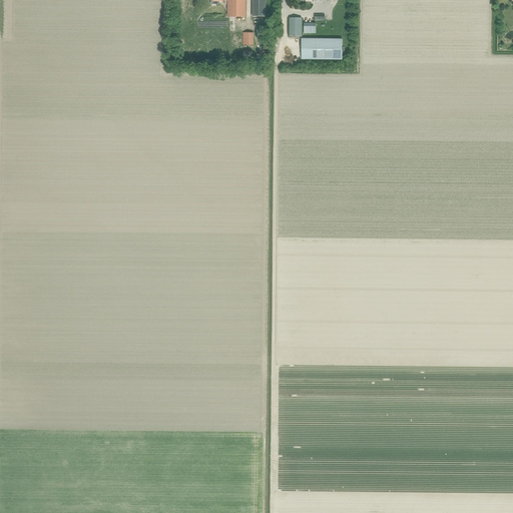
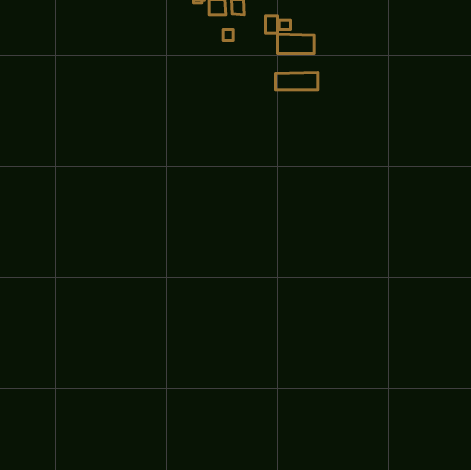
building: none -> [275,73,318,90]

